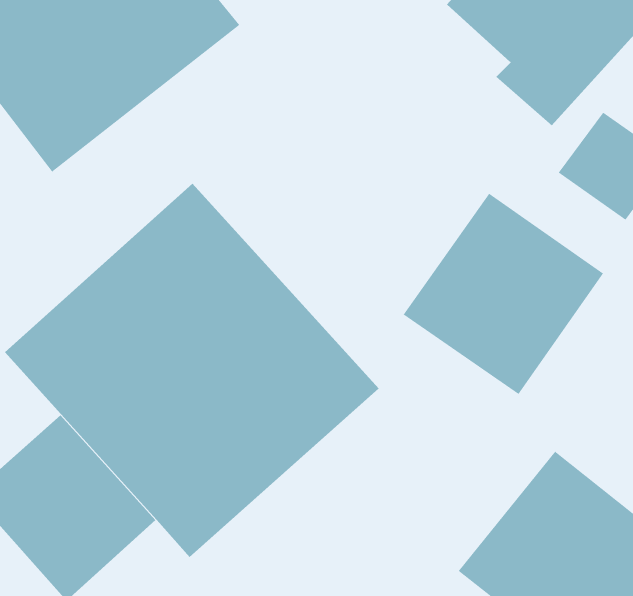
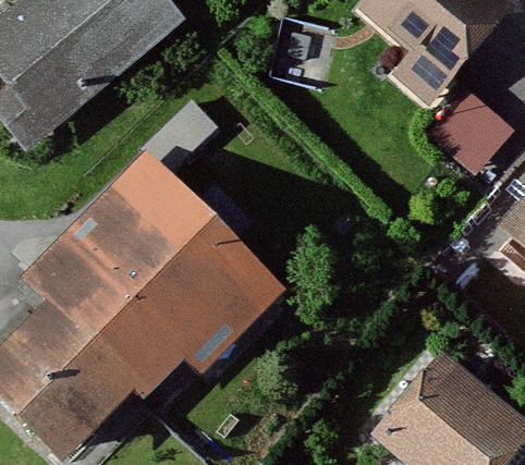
building: [403,193,604,395] -> none

